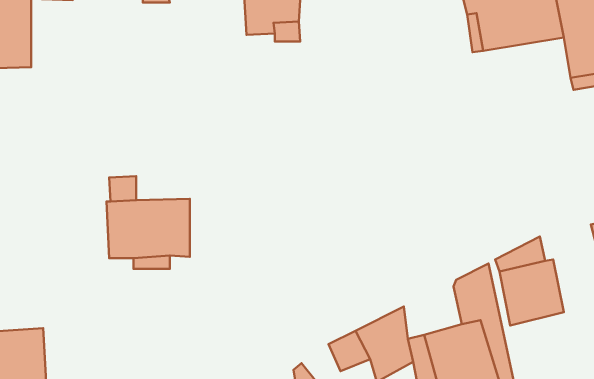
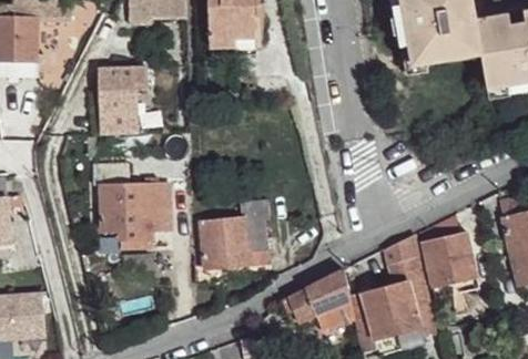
building: none -> [97,69,144,136]
building: none -> [196,204,272,270]

